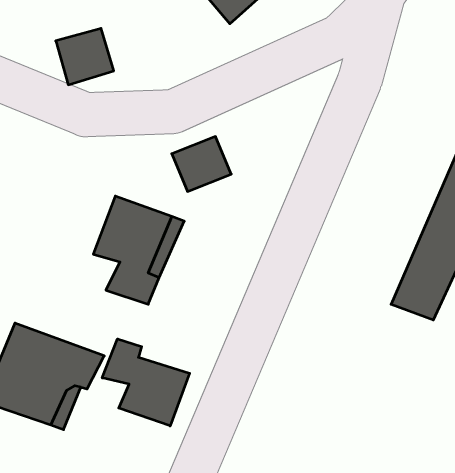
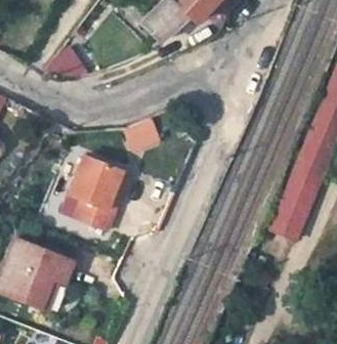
building: [102,339,190,426] -> none

